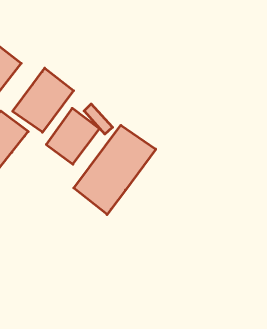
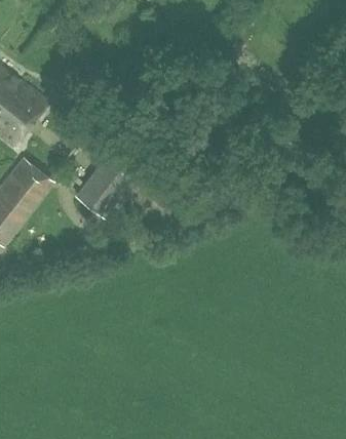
building: [13,68,74,132] -> none
building: [74,125,156,215] -> none

